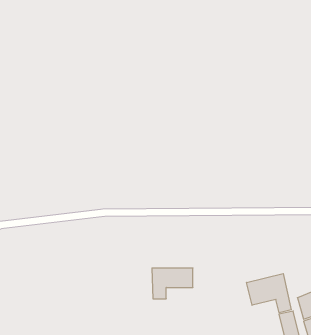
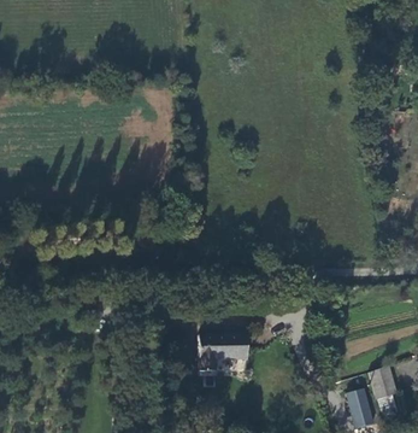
building: [247,274,291,313] -> none

